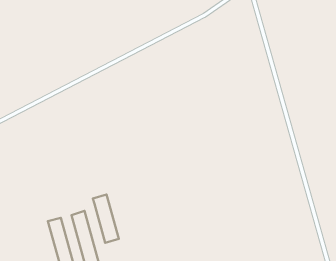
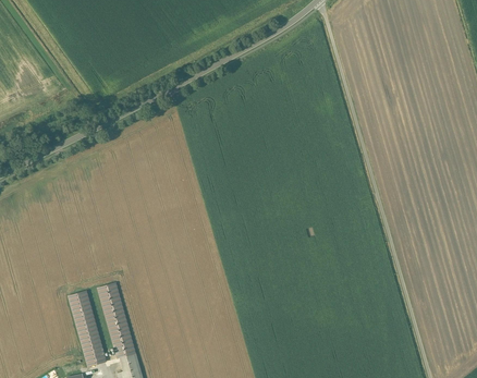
building: [93,195,119,243] -> none

